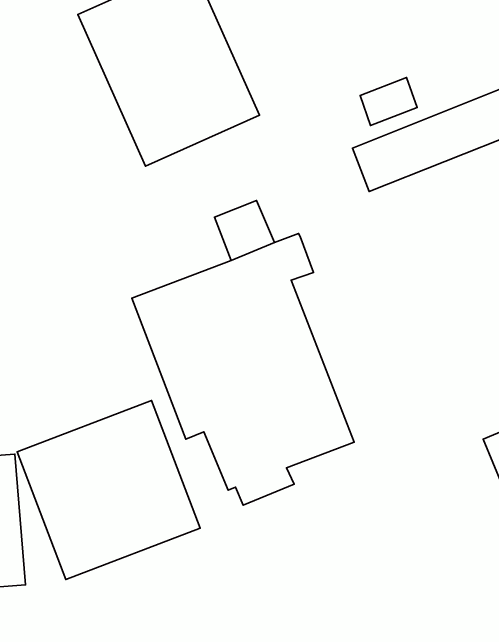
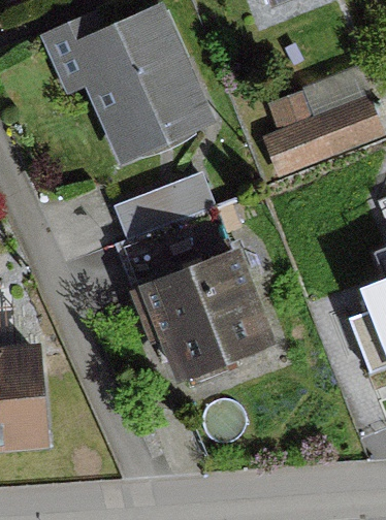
building: [17,401,200,580] -> none

